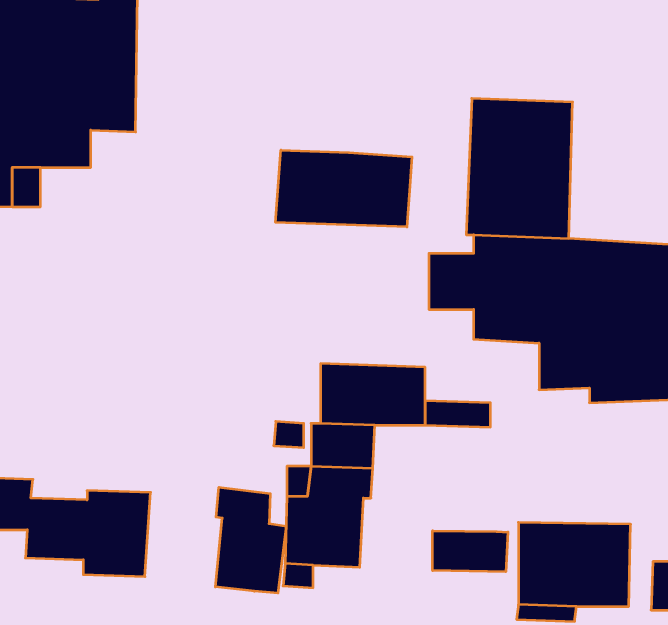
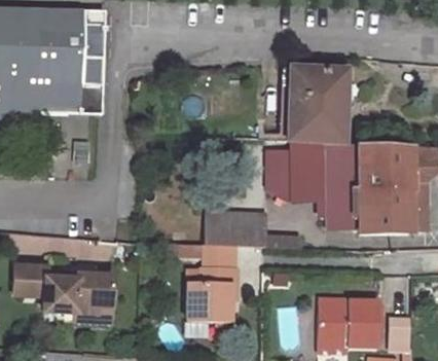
building: [276,150,412,227] -> none
building: [215,487,286,593] -> none
building: [433,531,508,572] -> none

